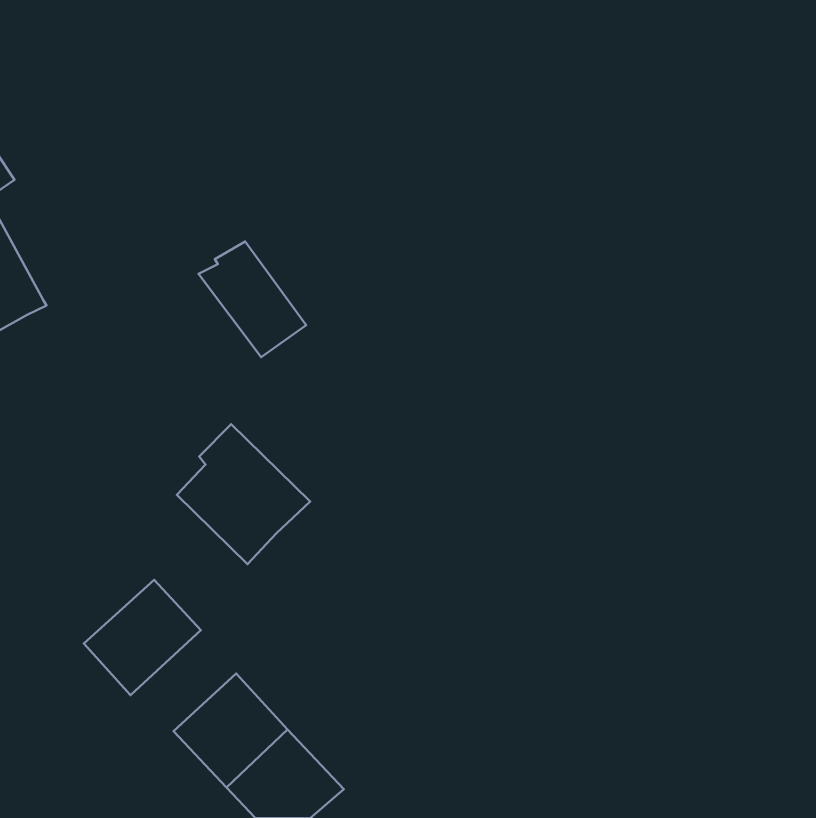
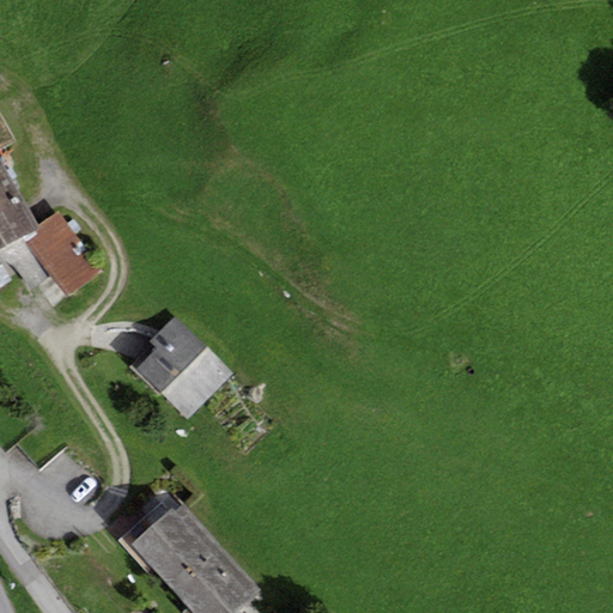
building: [199,242,306,357] -> [20,211,101,297]
building: [84,580,201,695] -> none

